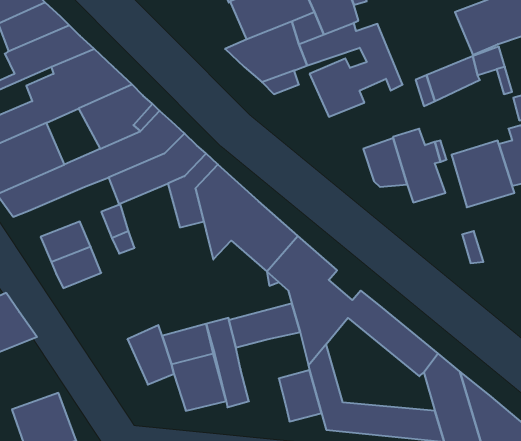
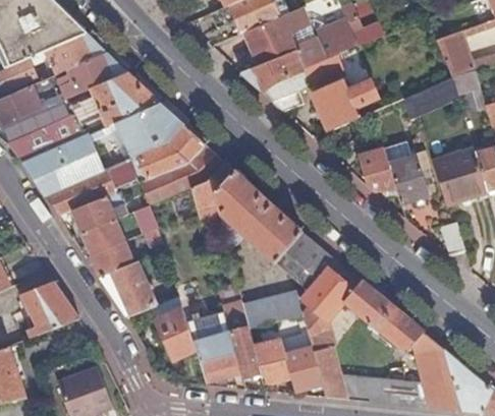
building: none -> [71,189,125,232]
building: none -> [100,261,156,316]
building: none -> [253,338,291,384]

